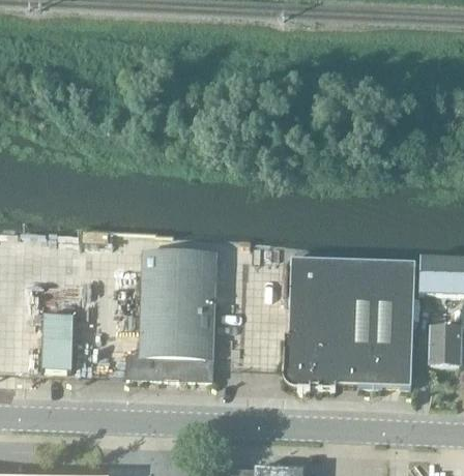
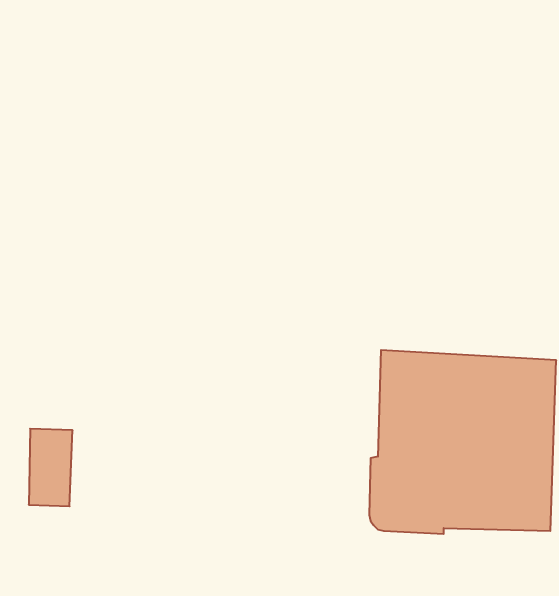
building: [127,248,216,378] -> none

